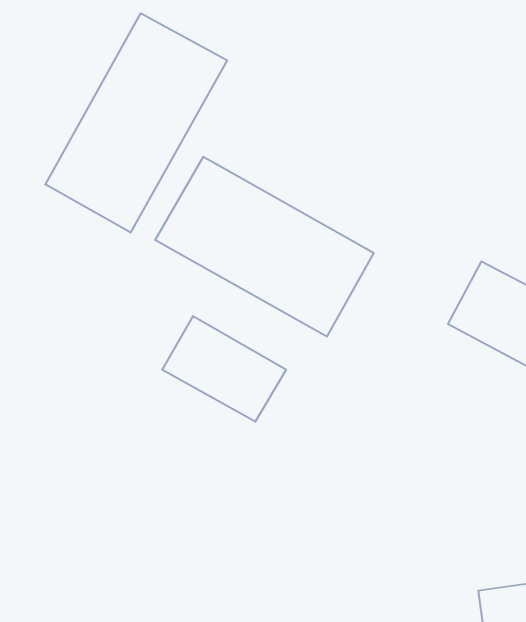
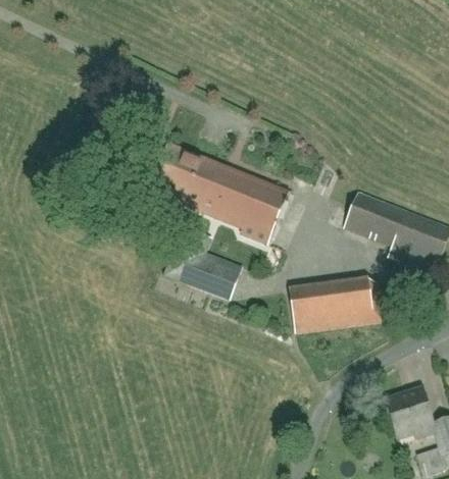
building: [45,13,227,233] -> none
building: none -> [287,278,380,334]

